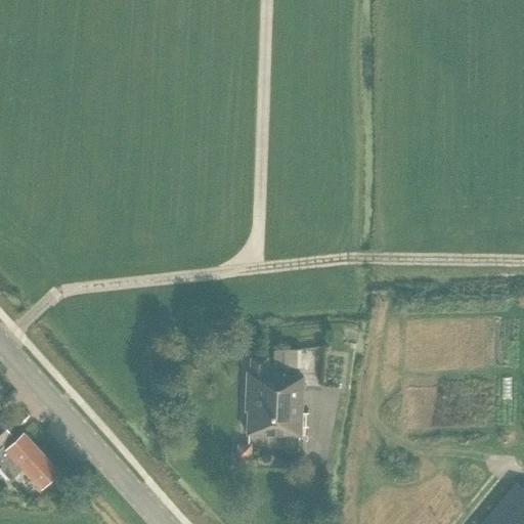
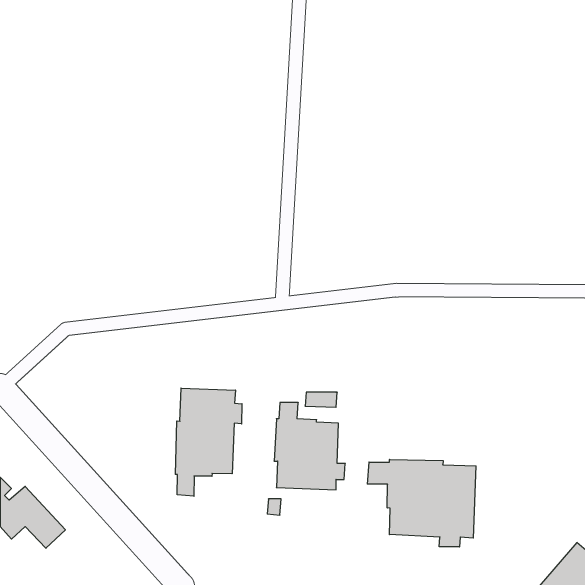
building: none -> [175,388,242,496]
building: none -> [367,459,476,547]

